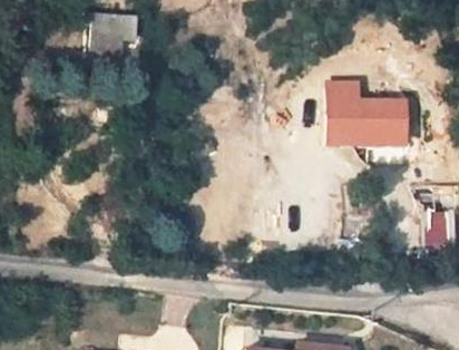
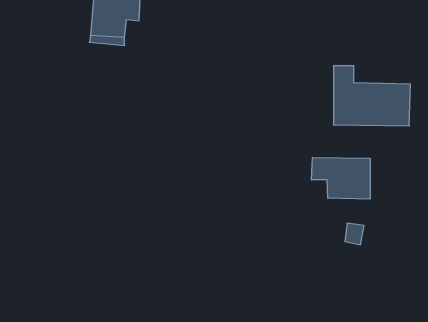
building: none -> [312,157,370,199]

